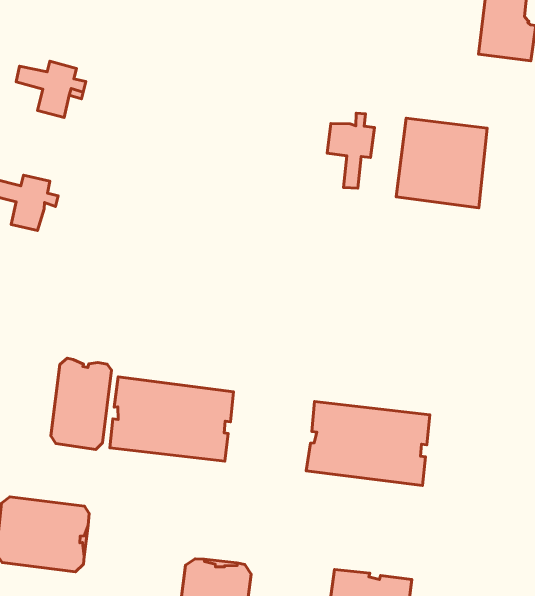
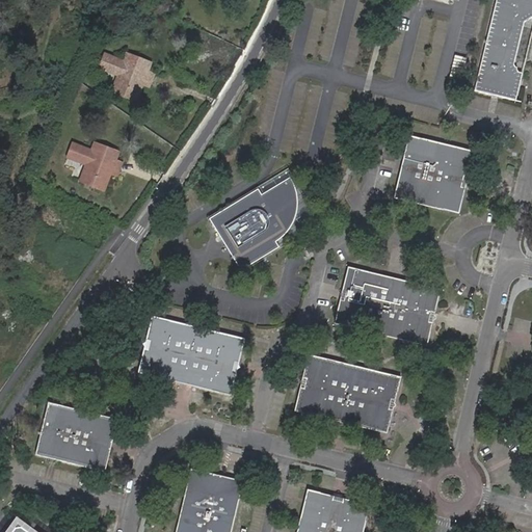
building: [327,113,374,188] -> none
building: none -> [210,176,298,269]
building: none -> [335,266,438,343]
building: [51,358,112,449] -> none

